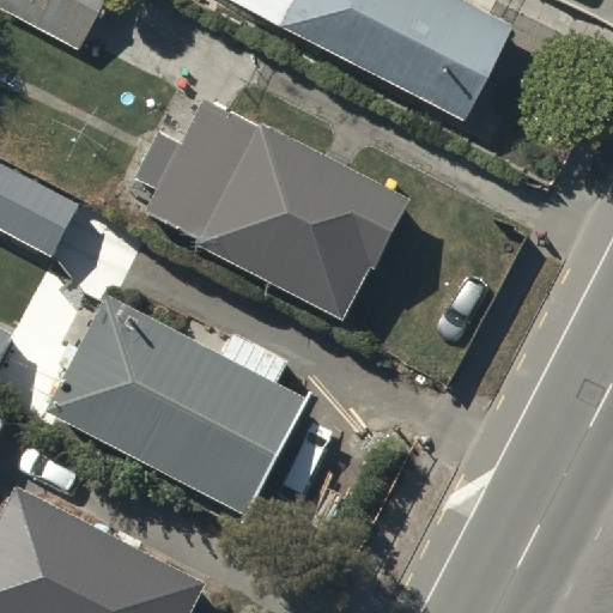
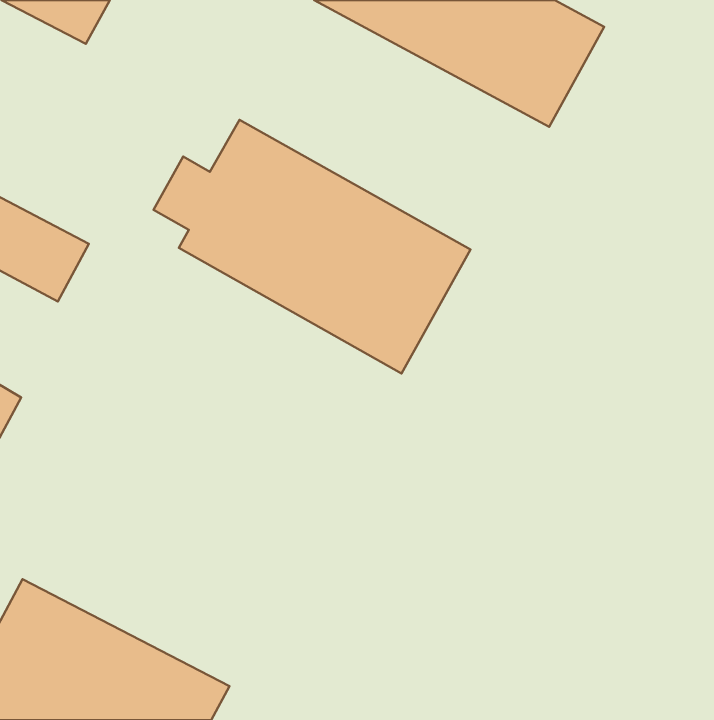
building: [54,303,304,512] -> none

